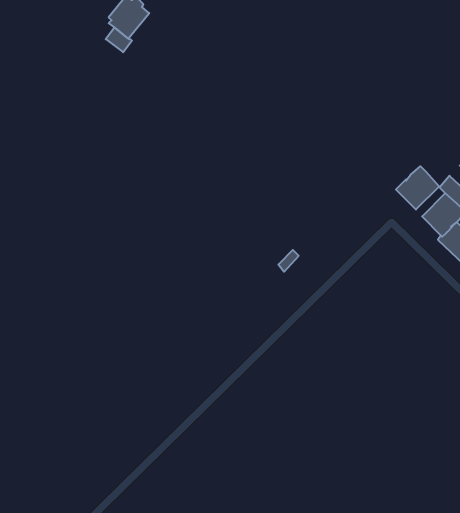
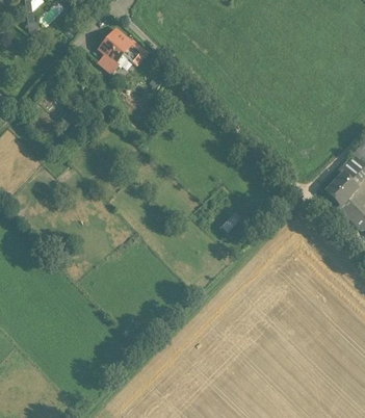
building: [396,166,439,210] -> none

